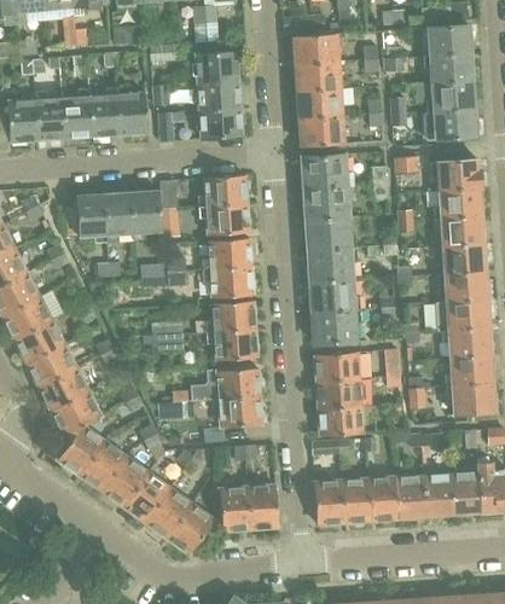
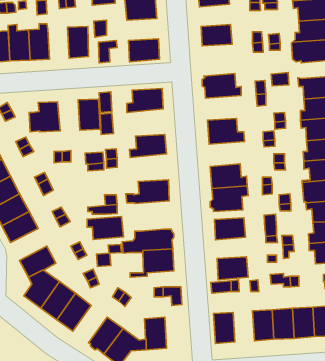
building: [296,62,338,92] -> none
building: [197,81,240,111] -> none
building: [89,93,118,137] -> none
building: [300,116,343,147] -> none
building: [304,186,354,220] -> none
building: [103,192,133,234] -> none
building: [197,204,249,236] -> none
building: [309,249,358,283] -> none
building: [202,266,254,298] -> none
building: [208,330,257,361] -> [87,217,123,240]
building: [39,367,88,411] -> none
building: [318,379,360,408] -> none
building: [123,472,170,523] -> none
building: [342,480,371,522] -> none
building: [249,487,279,530] -> none

